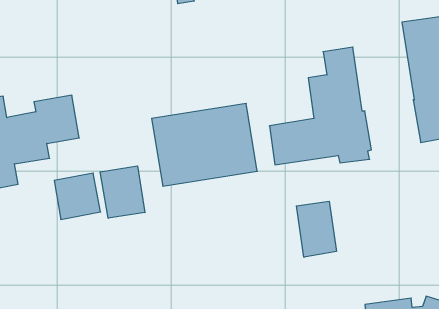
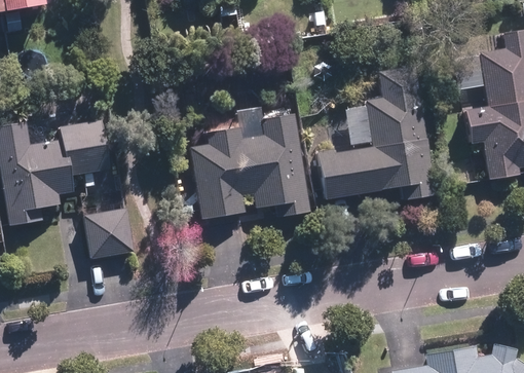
building: [100,166,145,218] -> none
building: [296,201,336,257] -> none

